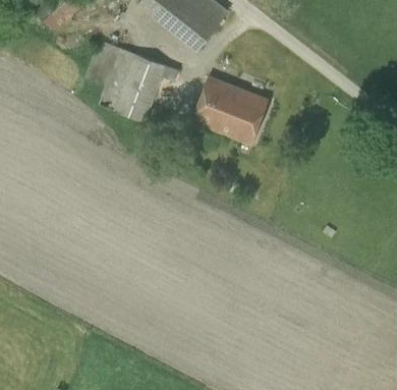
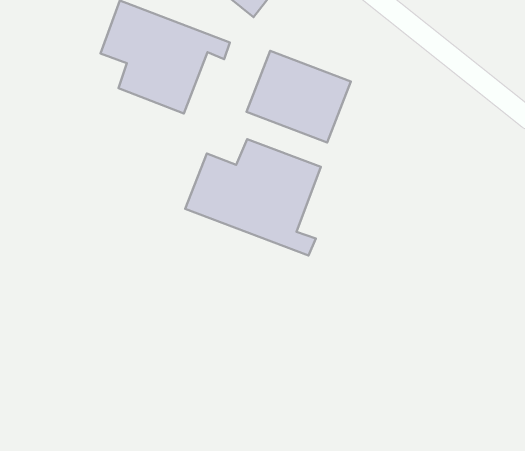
building: none -> [185,139,321,256]

